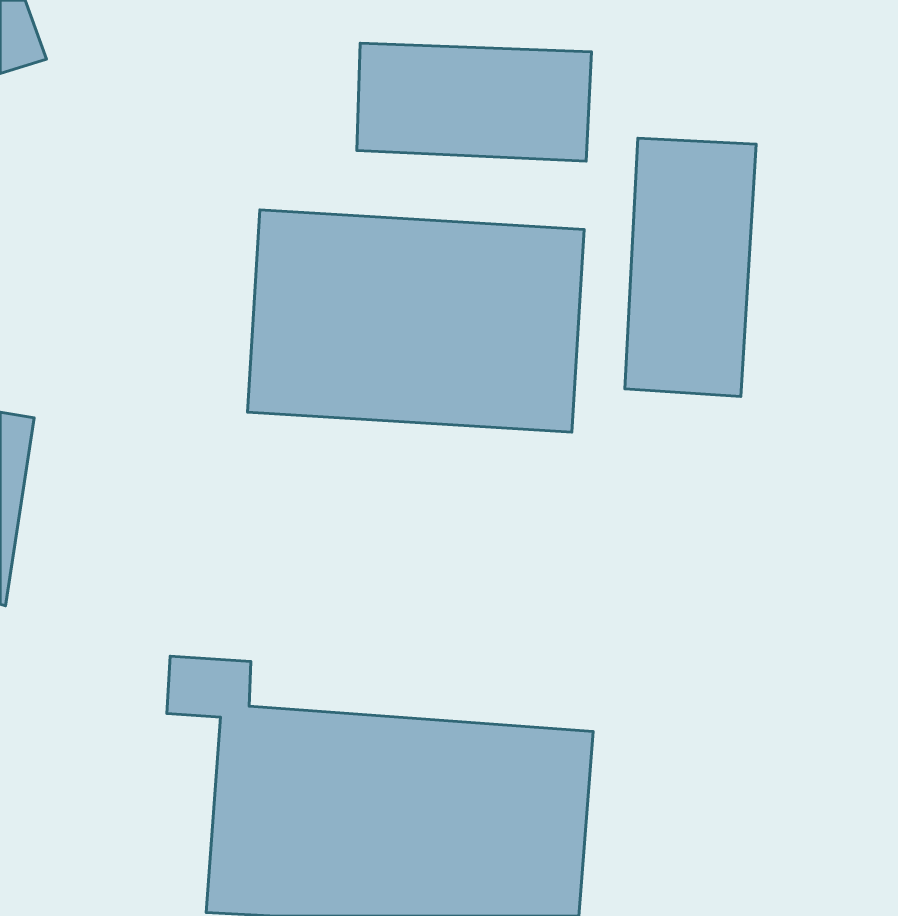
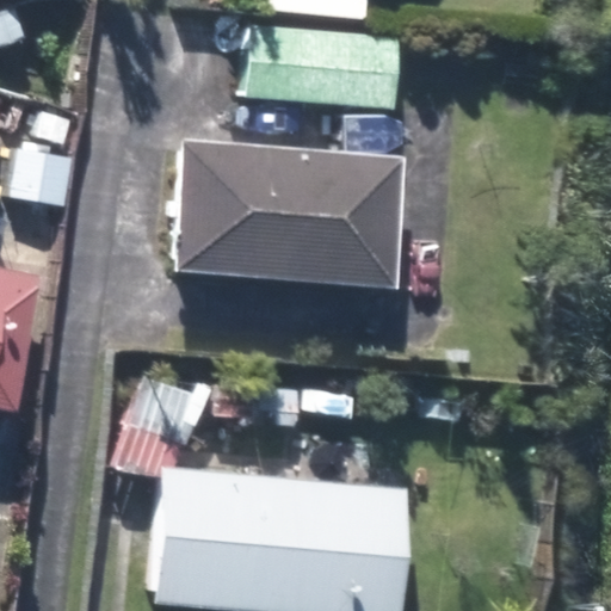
building: [625,138,756,396] -> none

